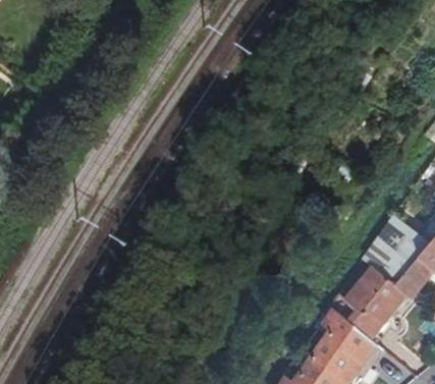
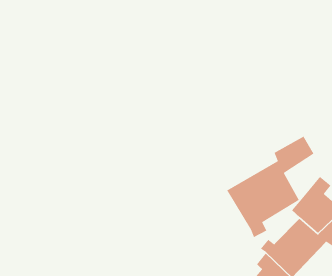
building: none -> [226,135,315,238]

